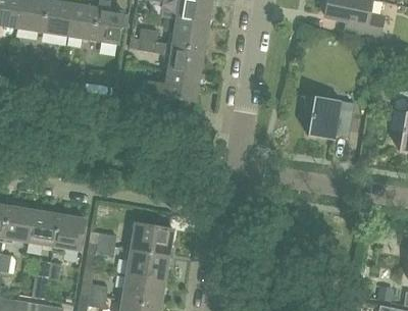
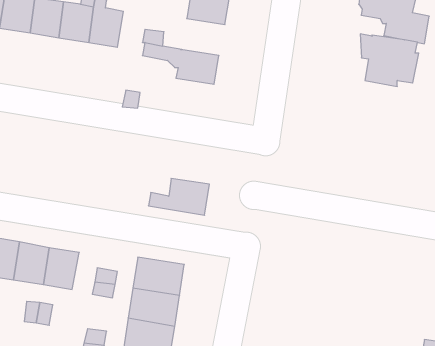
building: [170,18,208,50] -> none
building: [147,69,199,101] -> [148,178,209,215]
building: [303,95,353,140] -> [360,34,419,86]

